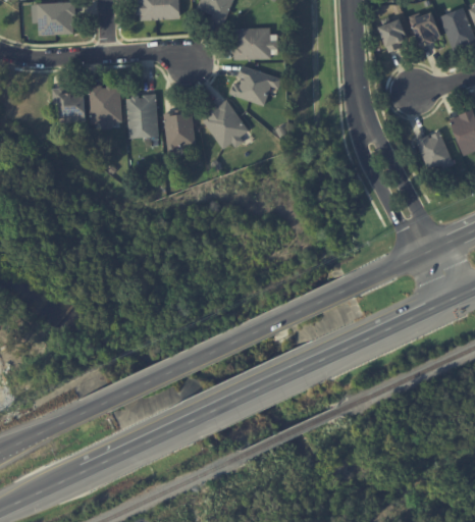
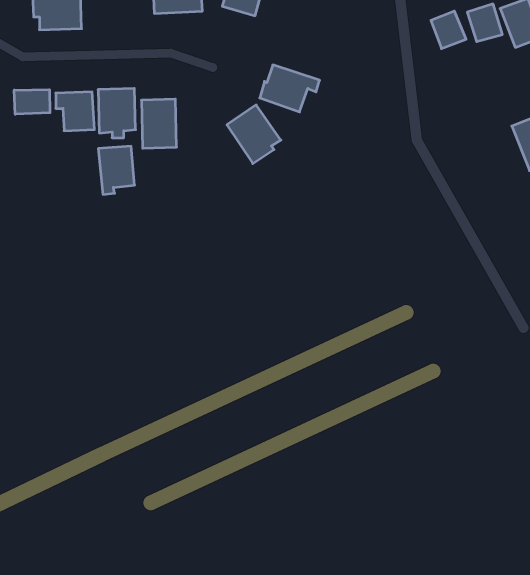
building: [234,28,278,59] -> none
building: none -> [14,90,50,114]
building: [164,110,196,152] -> [98,146,135,194]
building: [416,130,454,169] -> none

